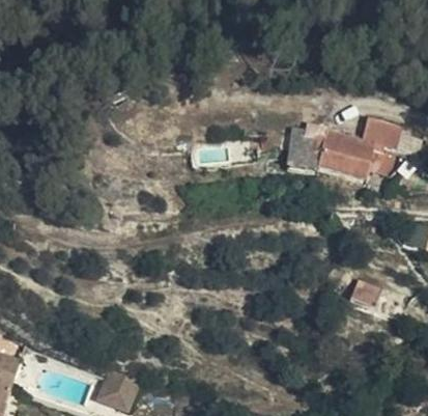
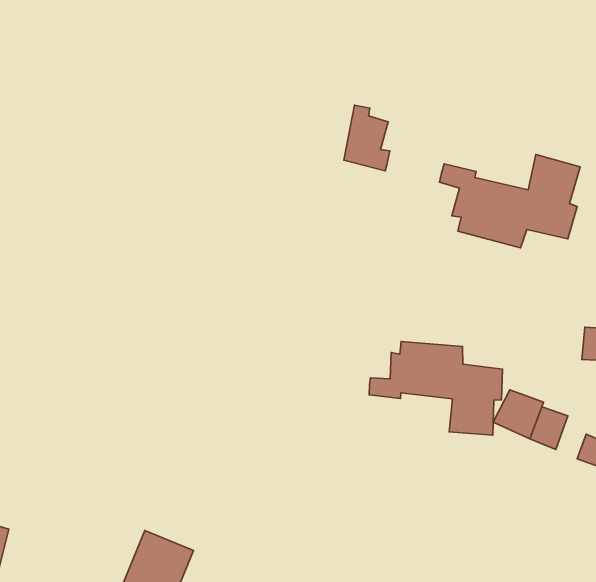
building: [291,123,322,168] -> [344,105,390,171]
building: none -> [369,341,503,435]

